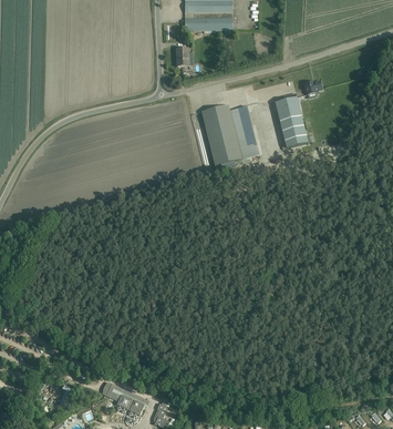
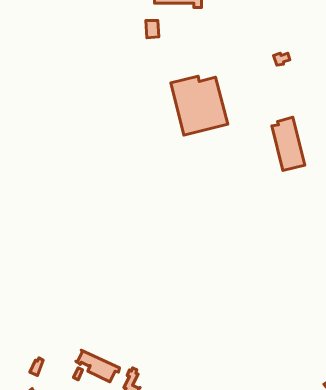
building: [276,93,309,147] -> [272,117,305,171]

